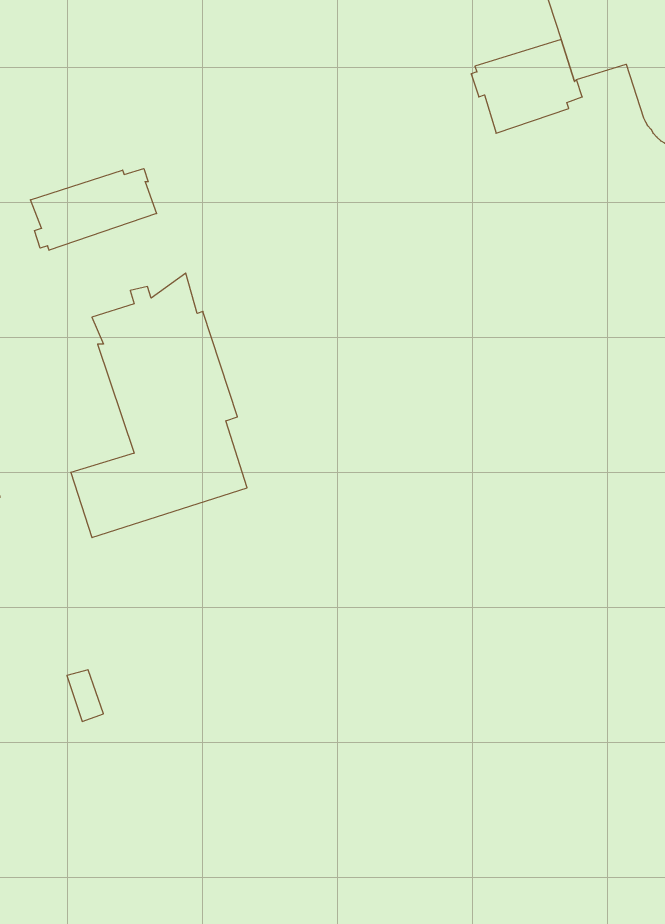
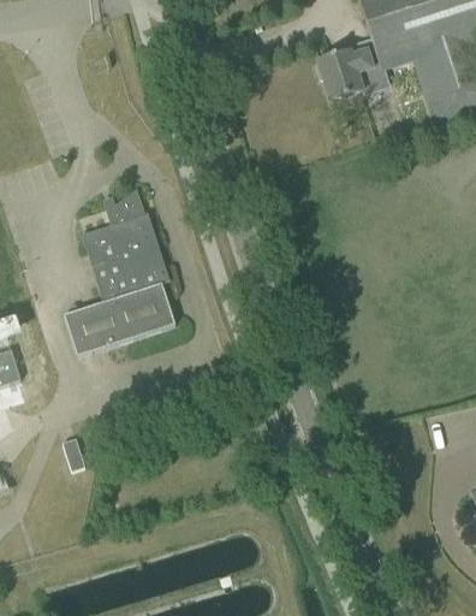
building: [30,169,157,250] -> none

